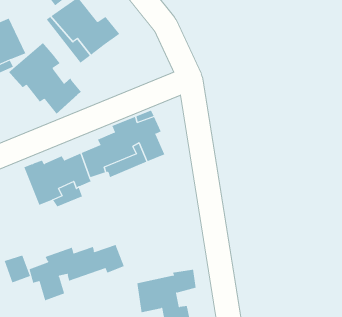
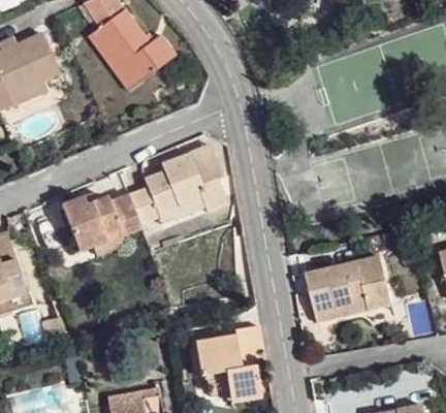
building: [8,42,82,115] -> none
building: none -> [307,254,391,317]
building: [29,244,124,301] -> none

